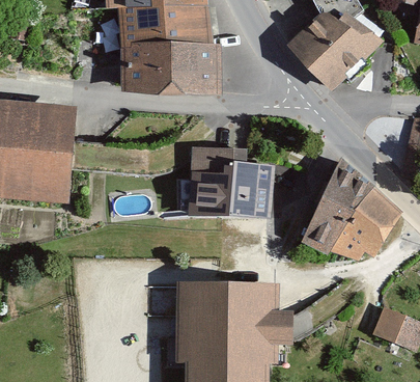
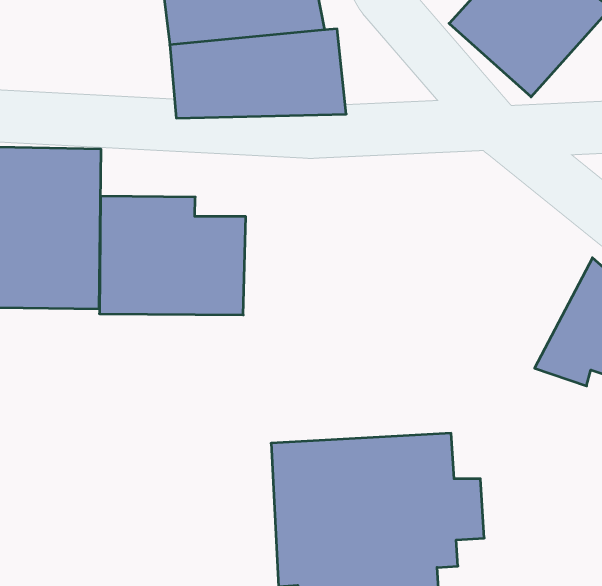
building: [181,145,272,221] -> [99,196,246,315]
building: [293,158,365,255] -> none

